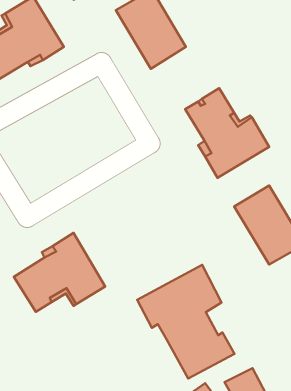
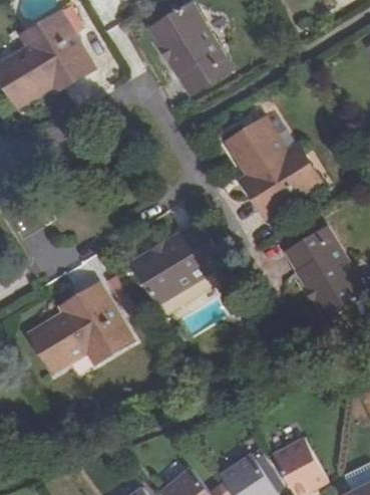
building: none -> [135,221,224,301]
building: [137,265,234,378] -> none

